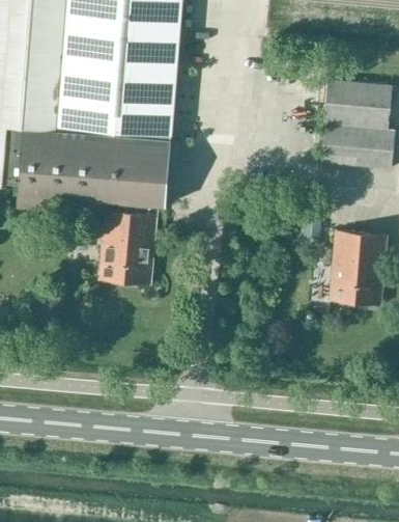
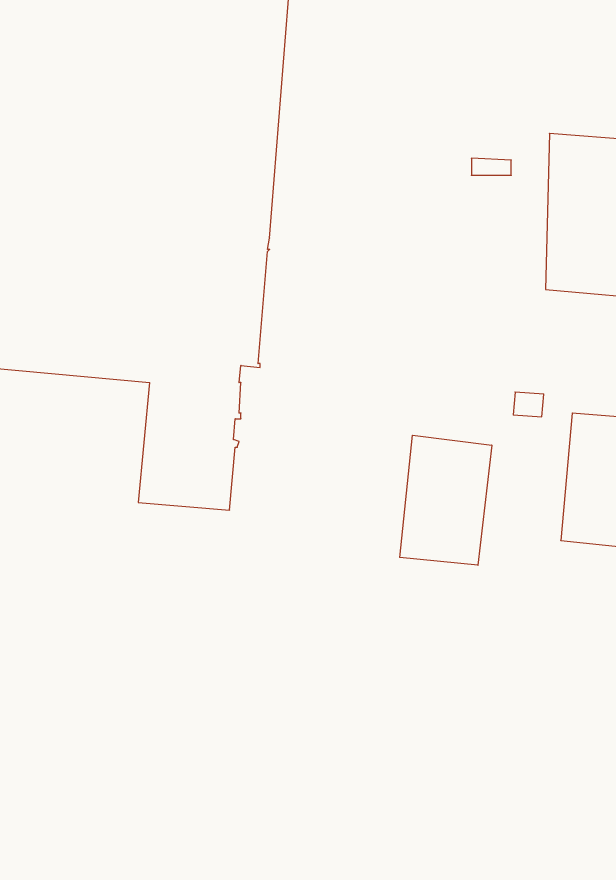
building: none -> [400,435,492,565]

